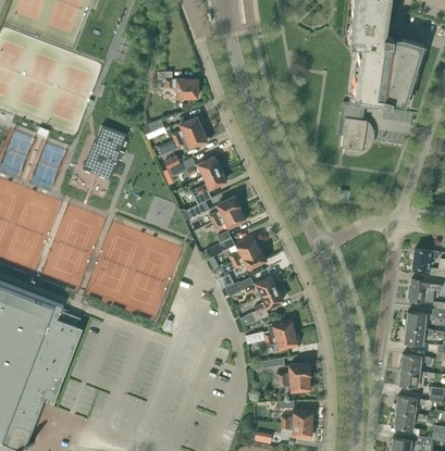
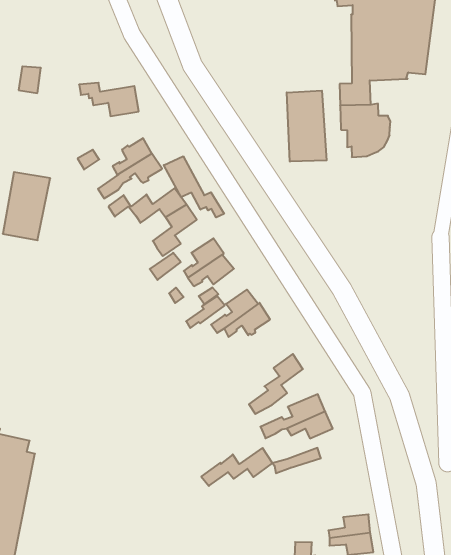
building: none -> [287,91,327,162]
building: none -> [164,156,224,217]
building: [225,276,277,297] -> [201,448,273,486]
building: [276,364,310,394] -> none

